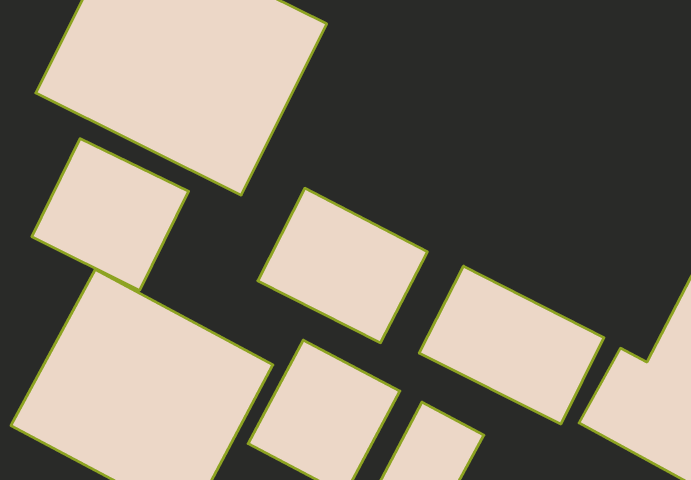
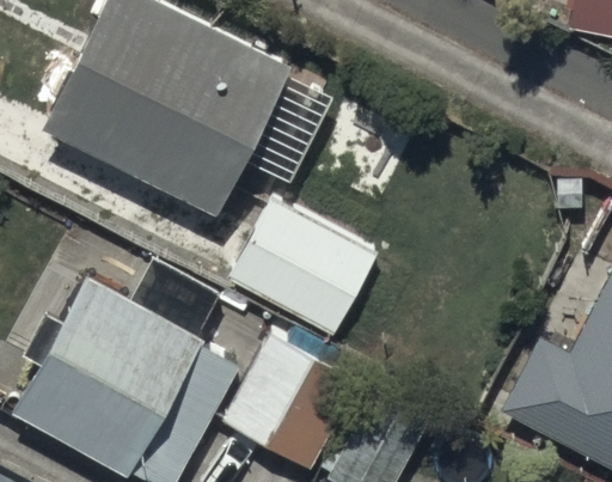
building: [32,139,189,290] -> none
building: [419,266,604,424] -> none

